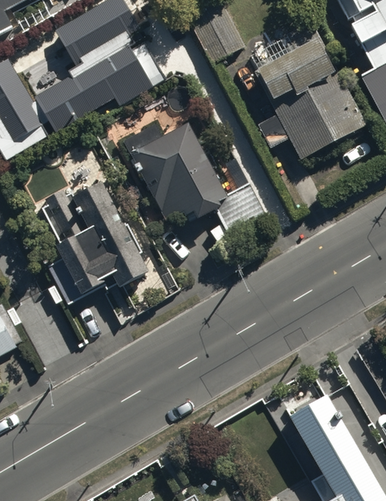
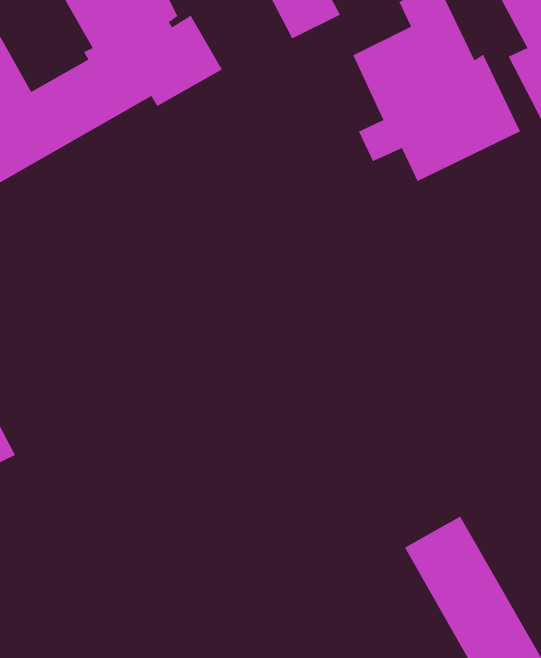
building: [120,121,269,242] -> none
building: [40,184,145,294] -> none

